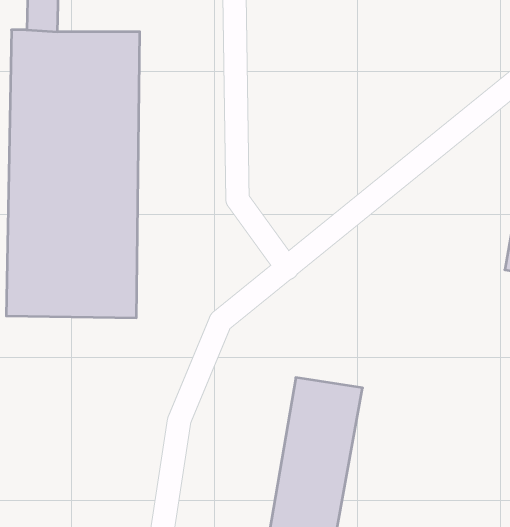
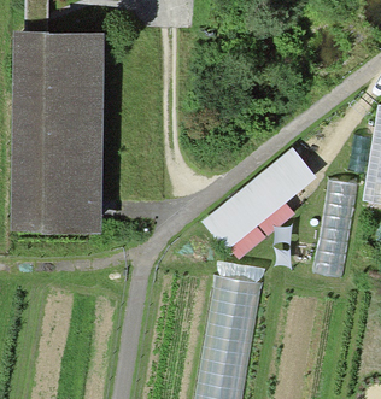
building: none -> [201,148,316,251]
building: none -> [312,180,358,278]

